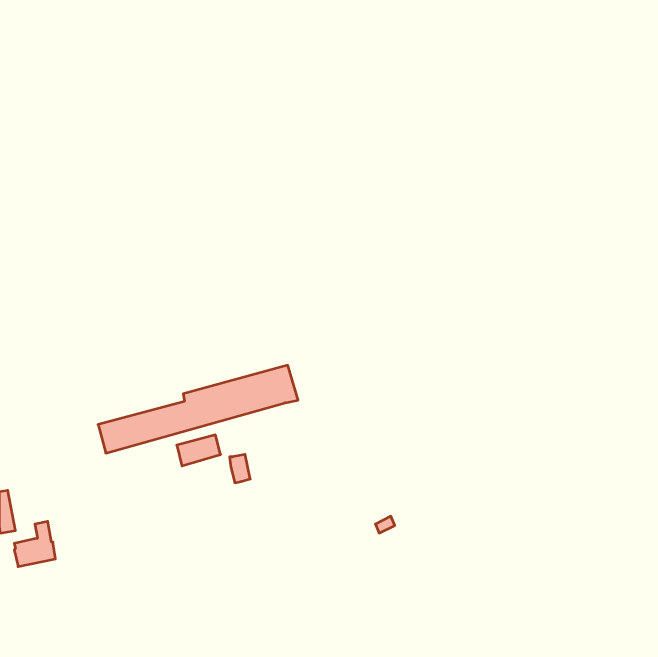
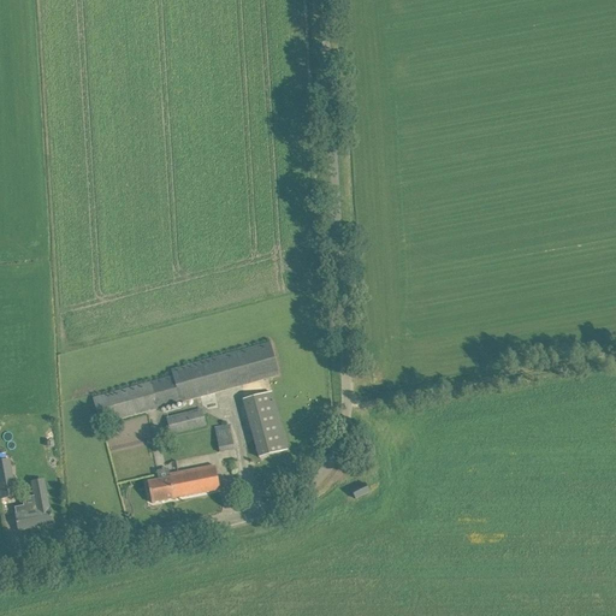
building: none -> [241,390,286,456]
building: none -> [147,463,219,500]

